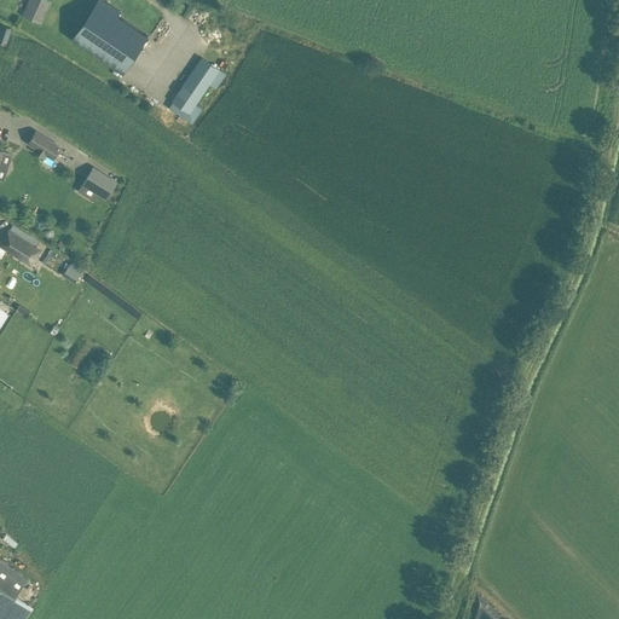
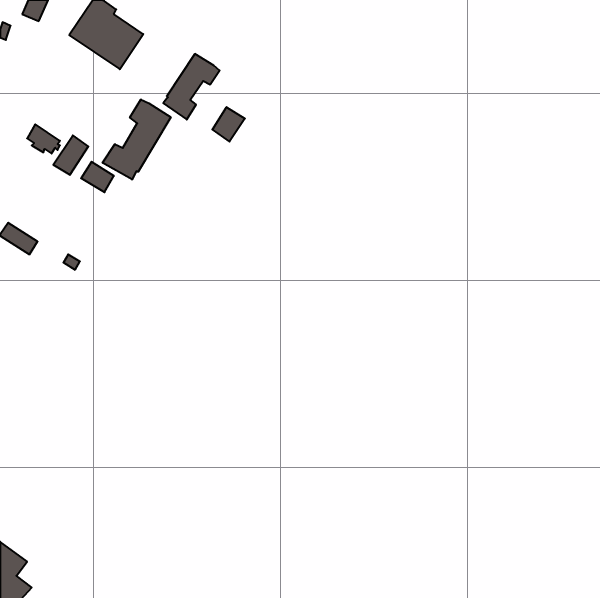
building: none -> [103,99,171,180]
building: none -> [212,107,245,142]
building: none -> [53,135,88,175]

